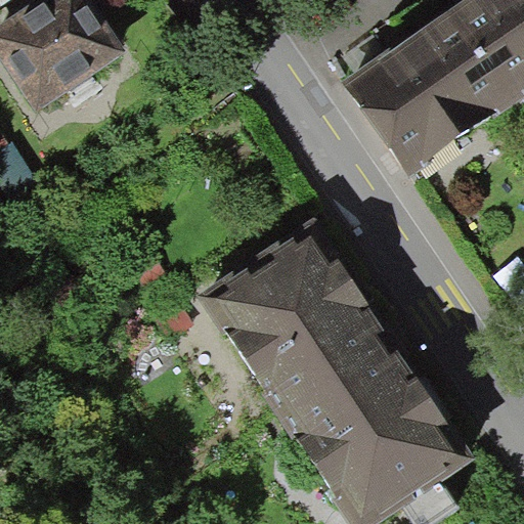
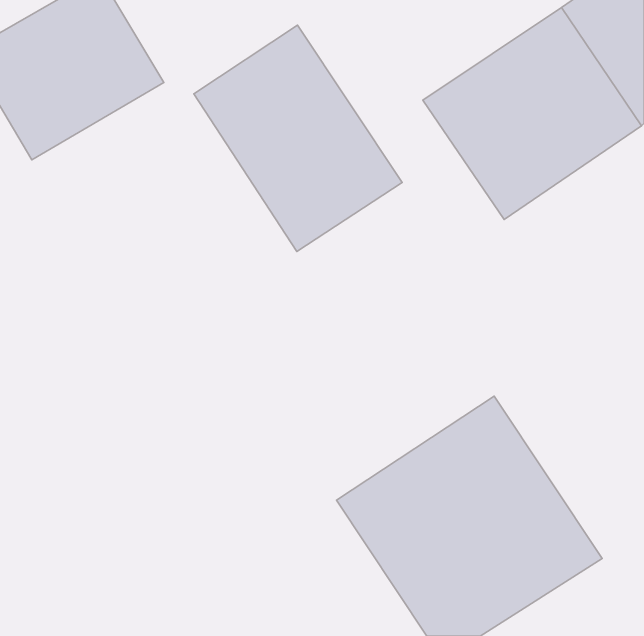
building: none -> [194,25,402,252]
building: [195,205,398,403] -> none

